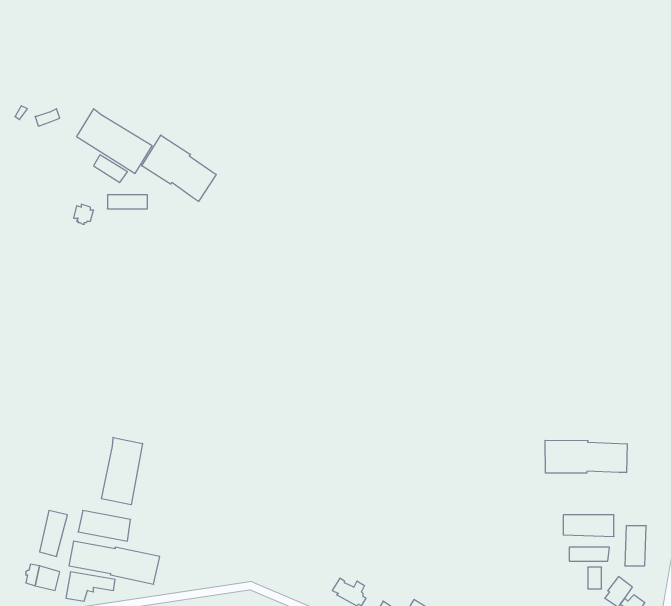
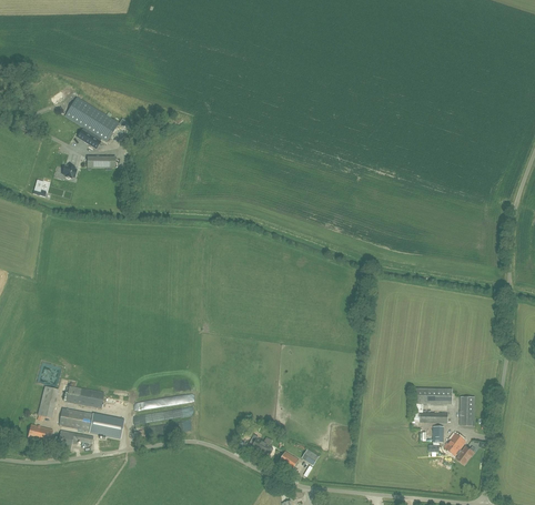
building: [142,135,216,201] -> none
building: [101,437,143,505] -> none
building: [545,440,627,473] -> none

